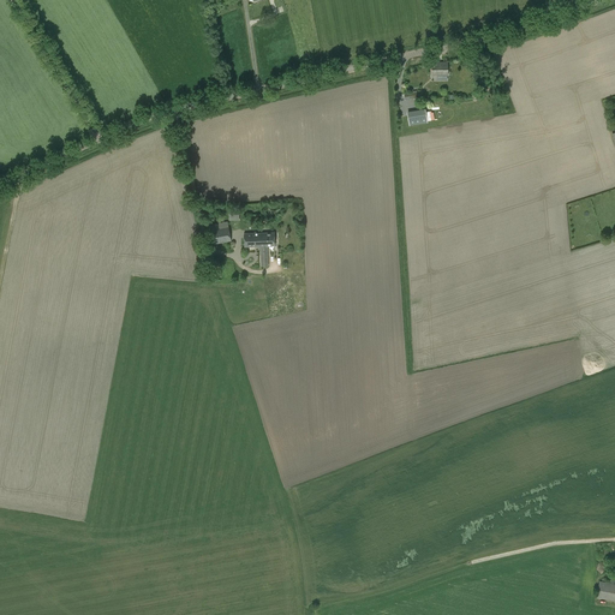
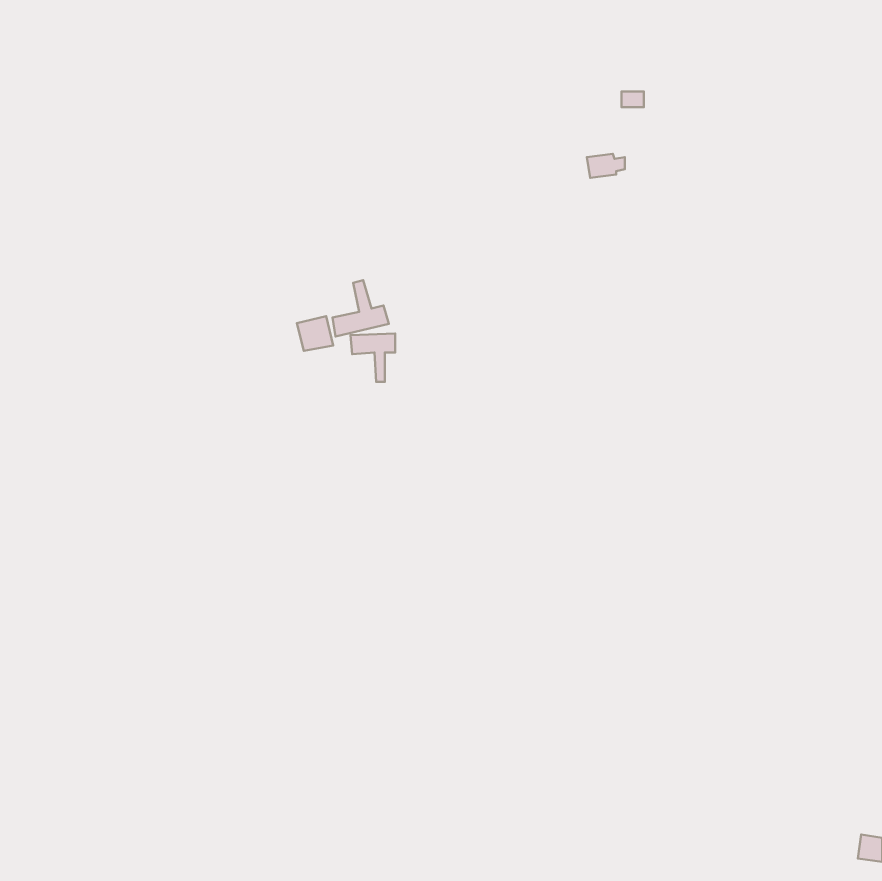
building: none -> [332,280,389,336]

